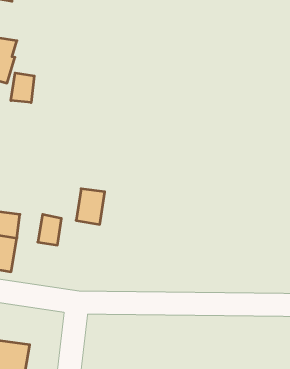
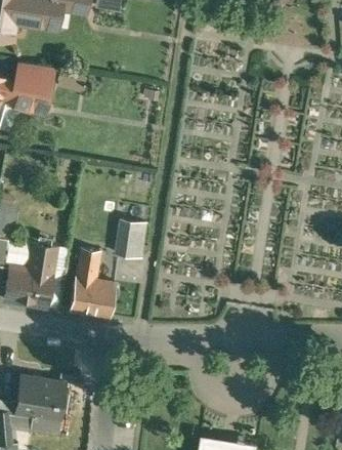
building: [11,73,34,103] -> none
building: none -> [71,278,117,319]

